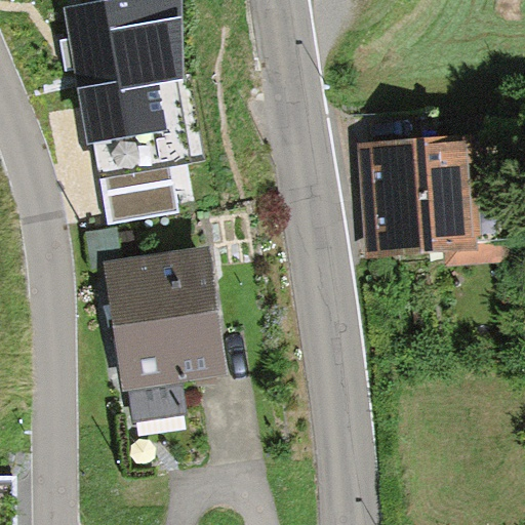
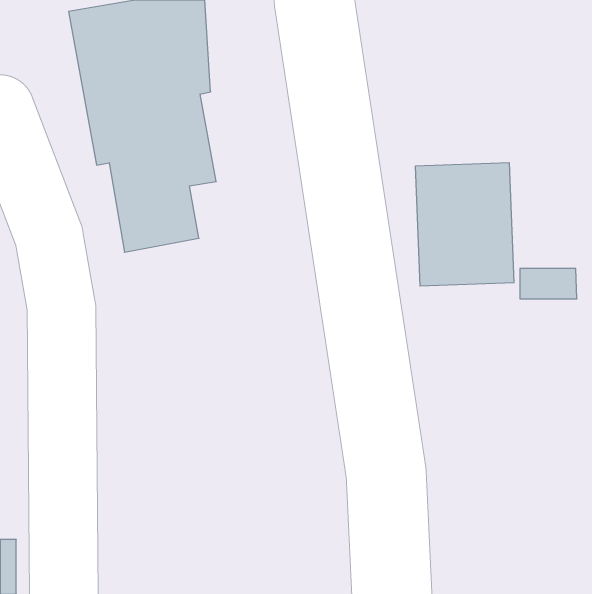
building: [102,243,228,390] -> none

